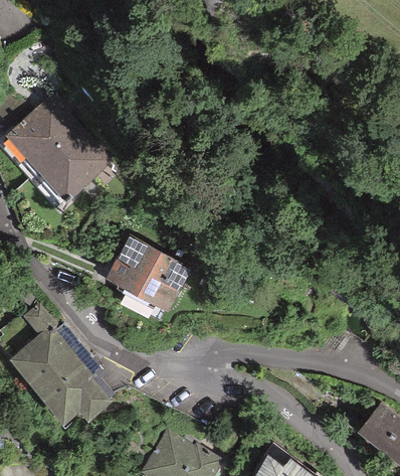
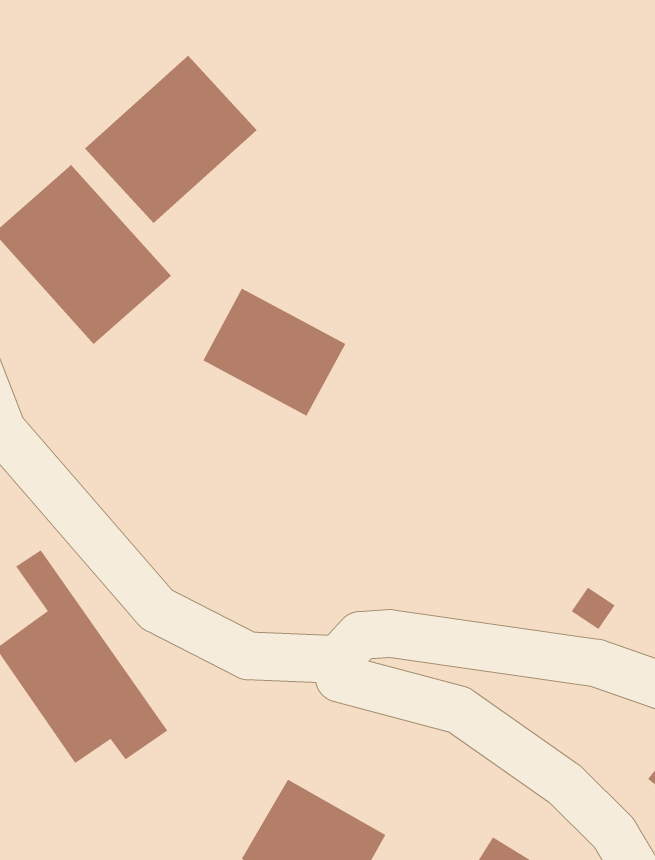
building: none -> [84,55,257,224]
building: [106,239,183,308] -> [202,288,346,417]

